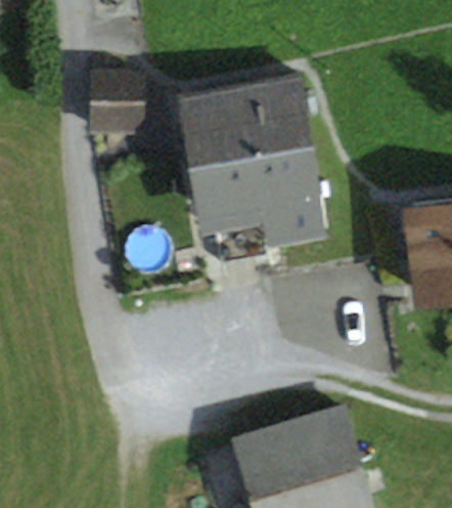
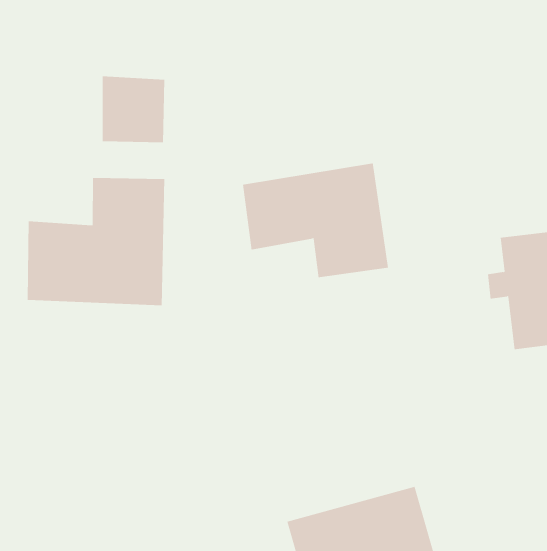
building: [189,79,307,165] -> none
building: none -> [27,177,165,306]

